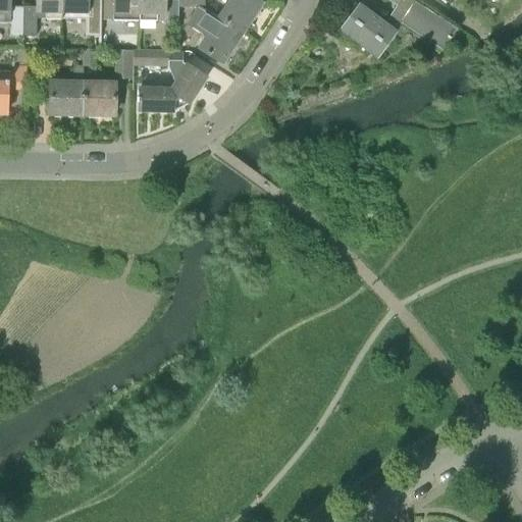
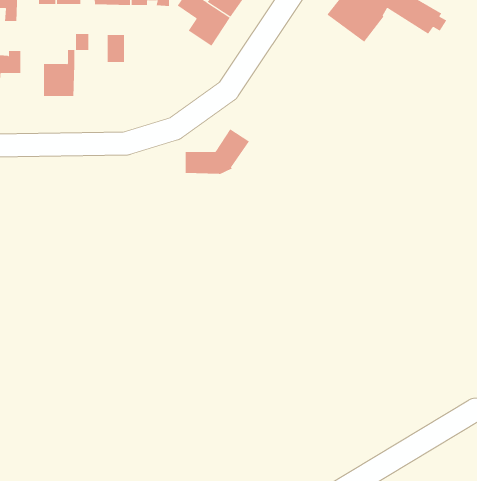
building: [134,49,171,66] -> none
building: [140,62,206,110] -> [185,128,250,175]
building: [82,79,116,116] -> none

